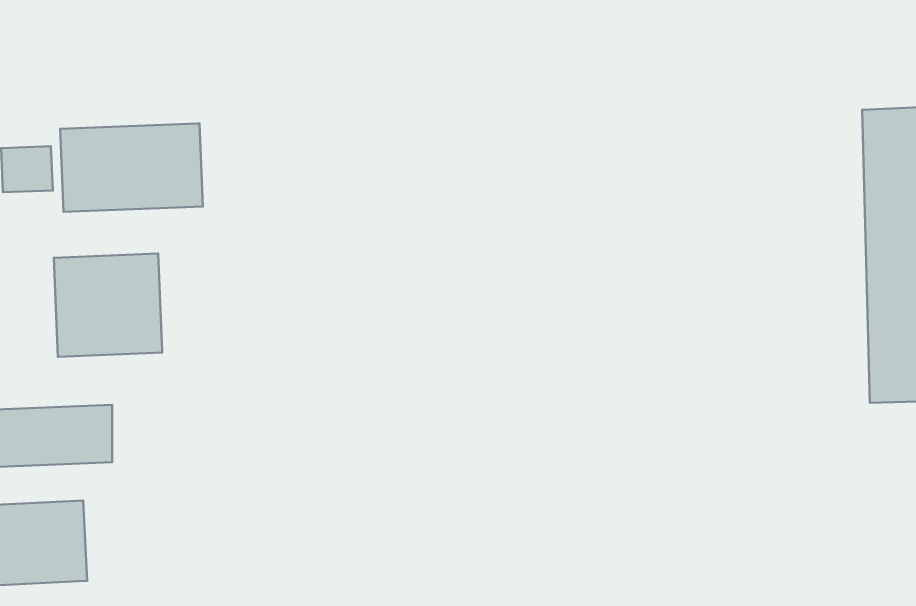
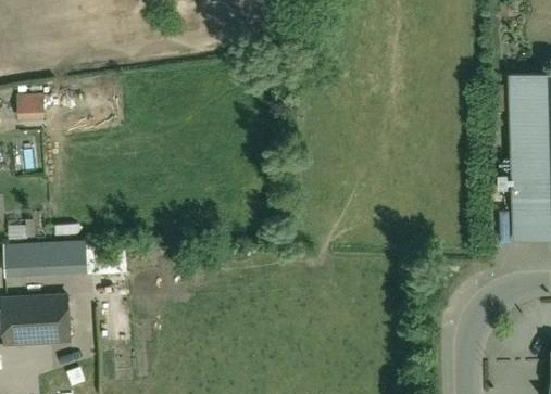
building: [60,123,203,212] -> none
building: [54,253,162,357] -> none

